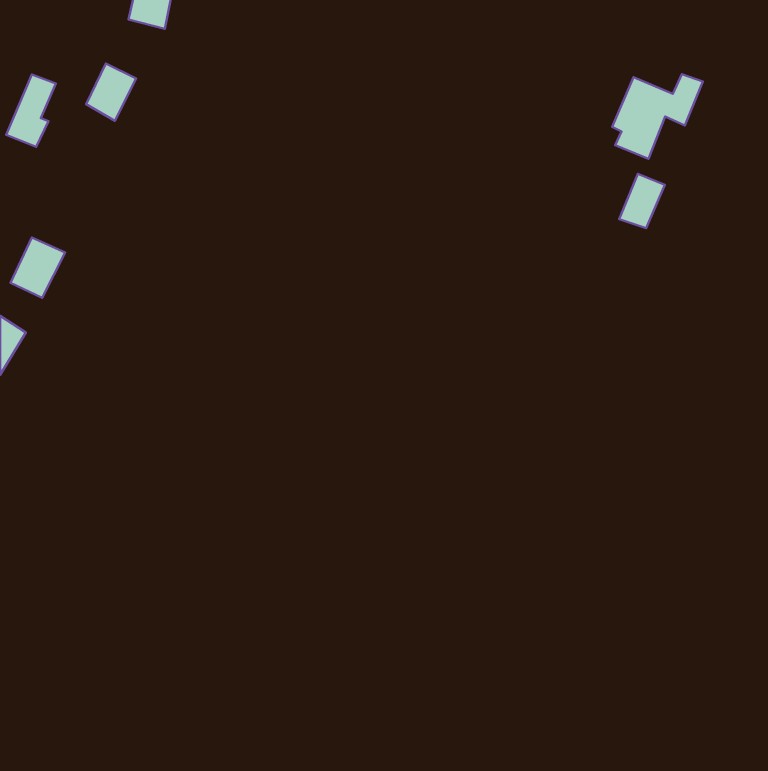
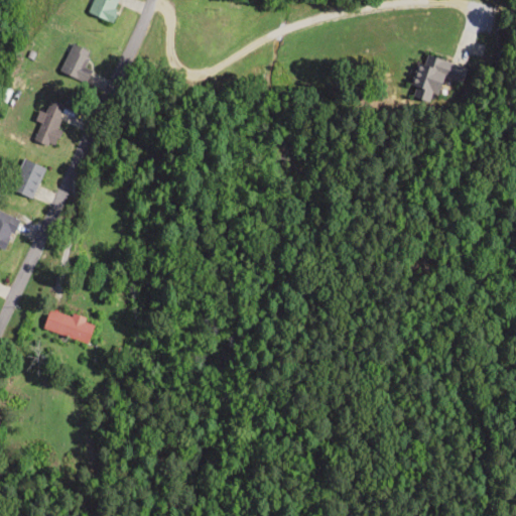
building: [6,74,56,147] -> [33,99,67,147]
building: [619,174,665,228] -> none
building: none -> [41,308,93,344]

